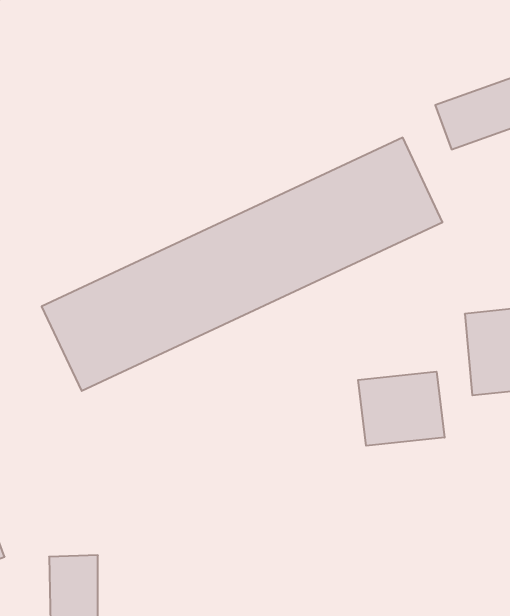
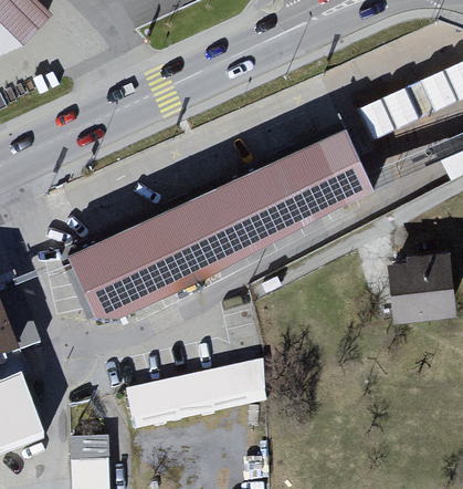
building: [358,372,445,446] -> none
building: none -> [127,360,275,431]

